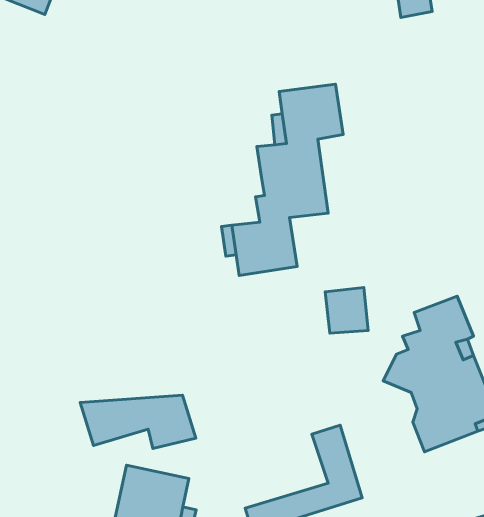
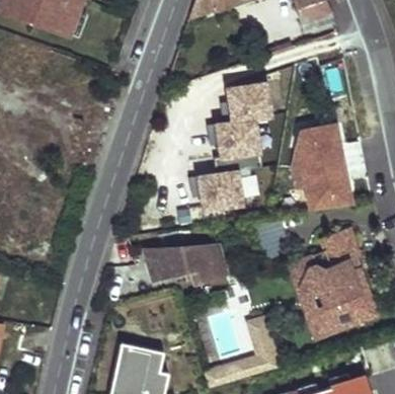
building: none -> [295,123,353,209]
building: none -> [290,253,326,337]
building: [80,395,196,449] -> [148,244,227,281]

